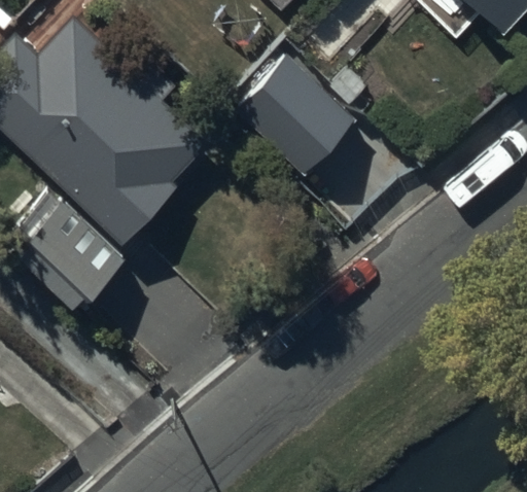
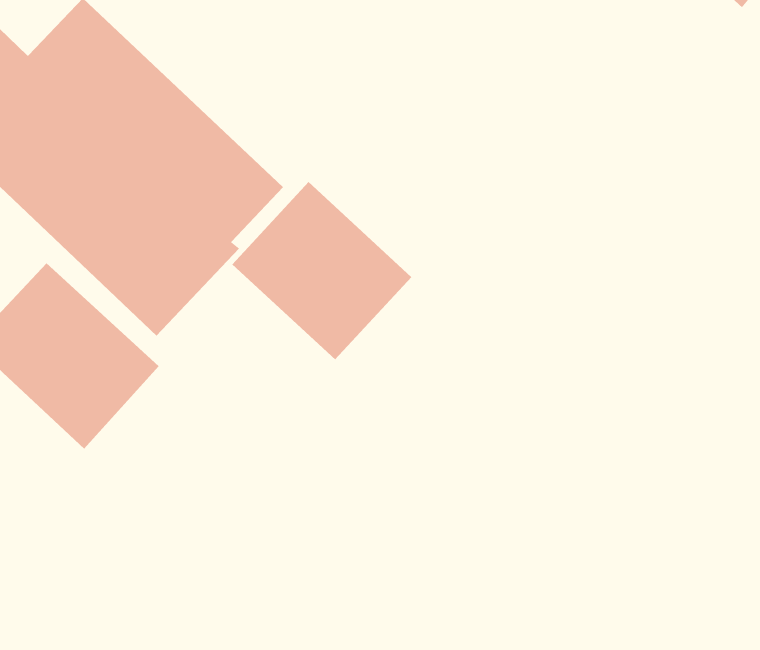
building: [239,57,357,174] -> [232,181,412,360]

